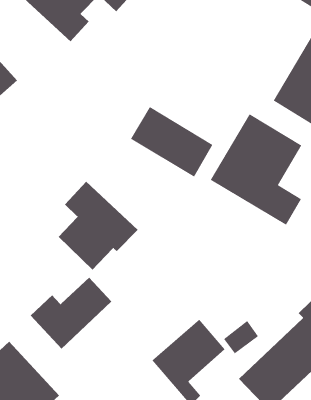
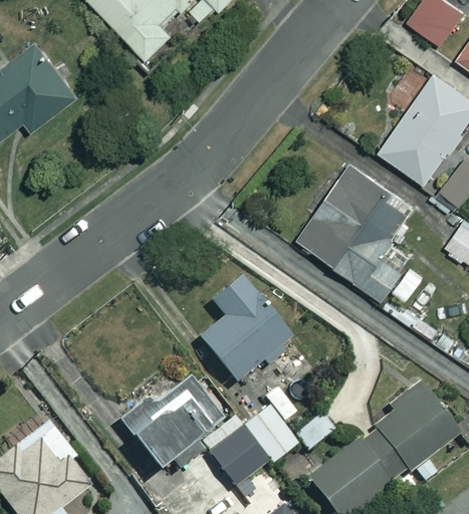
building: [130,106,213,177] -> none
building: [58,181,138,271] -> [197,274,294,382]
building: [30,277,112,350] -> [119,382,219,467]

